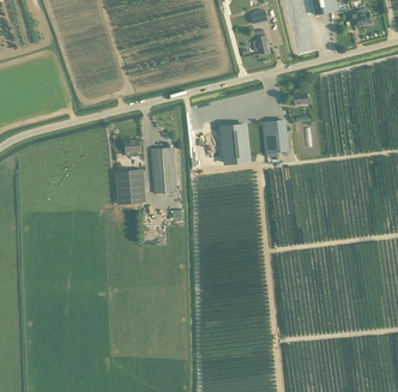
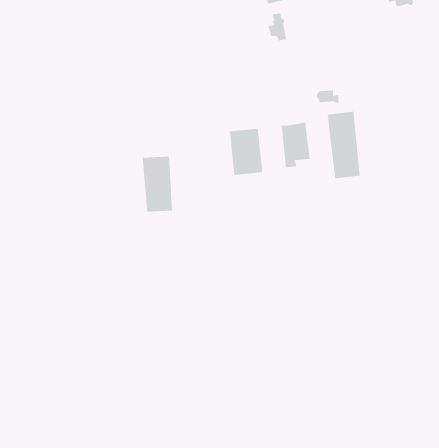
building: none -> [327,111,360,179]
building: [114,169,145,204] -> none

